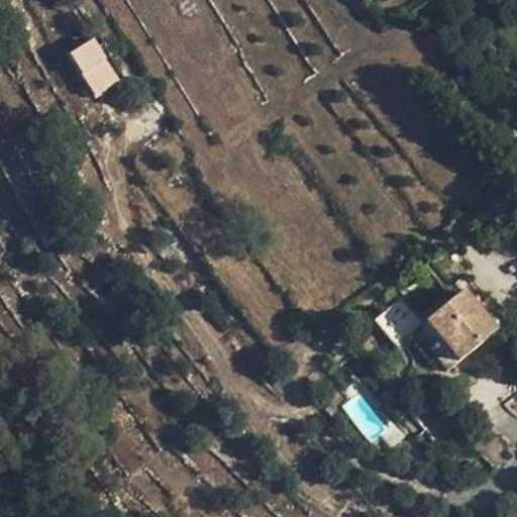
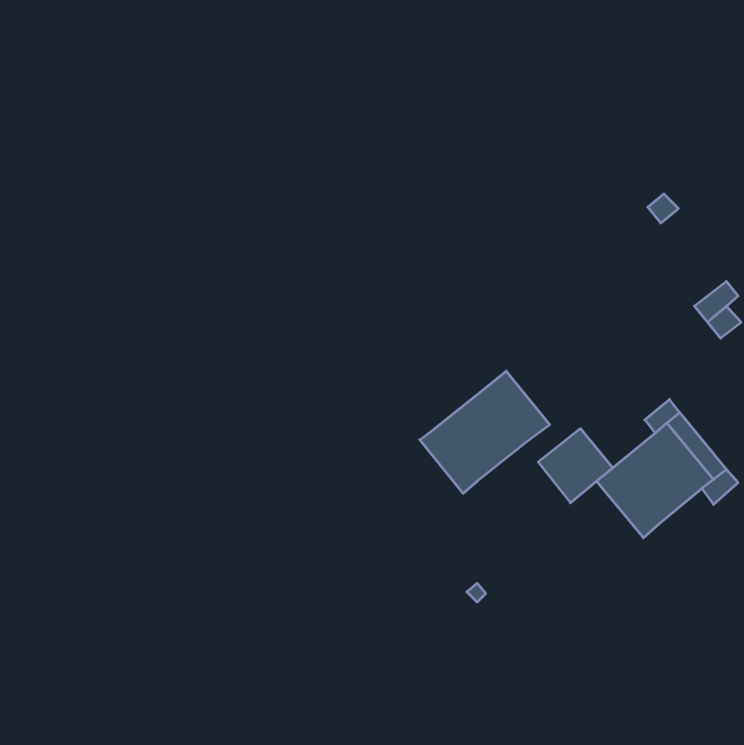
building: [67,36,120,96] -> none
building: none -> [420,371,550,493]

